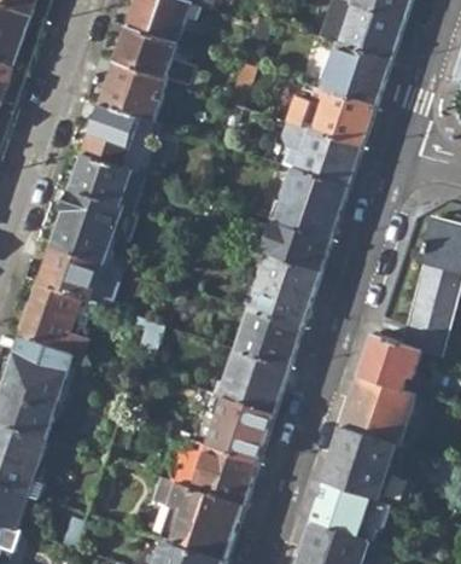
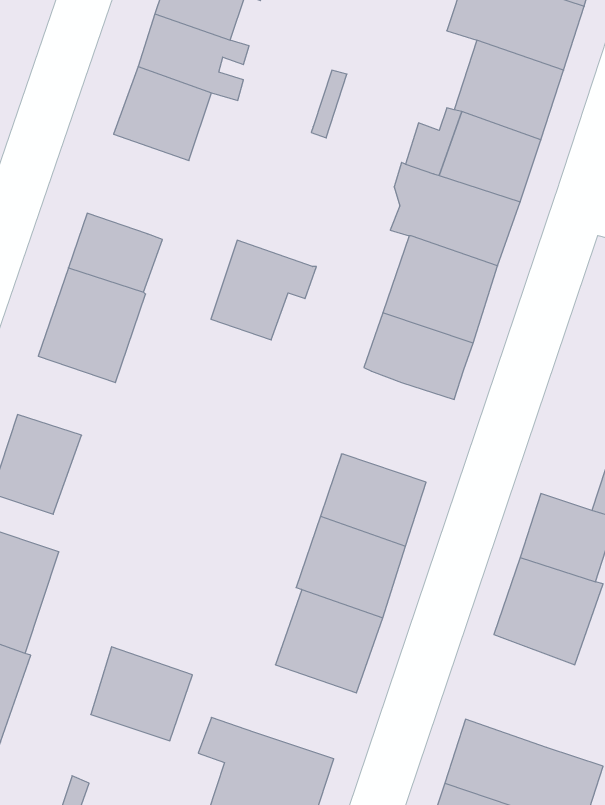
building: [83,103,151,167] -> [211,240,316,340]
building: [39,245,101,300] -> none
building: [247,255,319,326] -> none
building: [326,424,396,496] -> none
building: [191,443,256,504] -> [91,647,192,741]

